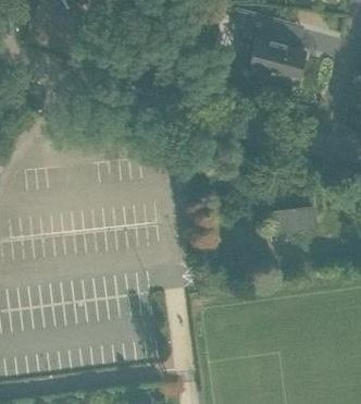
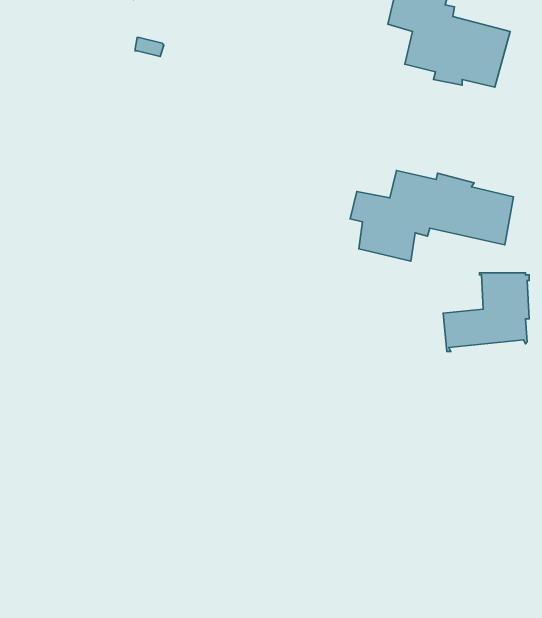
building: none -> [350,170,513,261]

